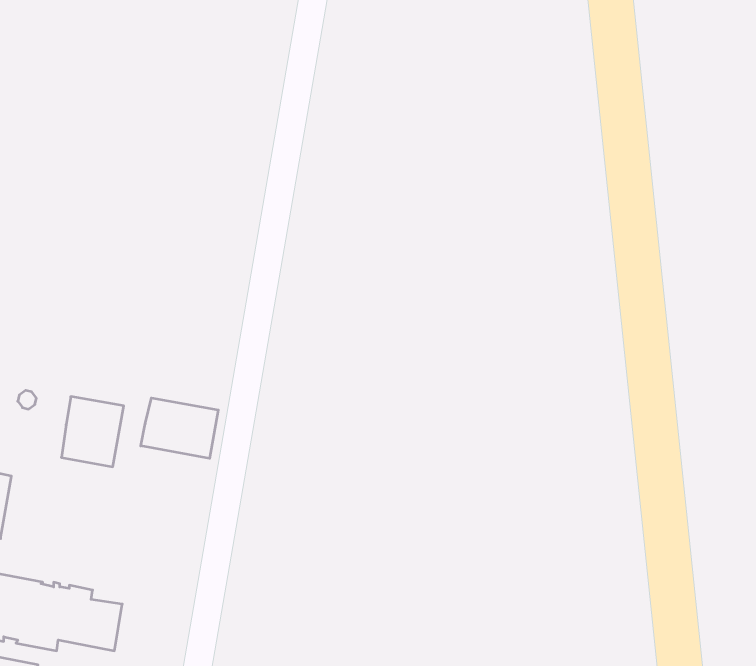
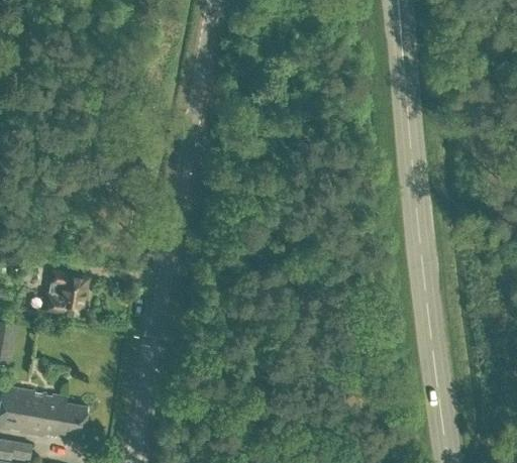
building: [141,398,218,458] -> none

